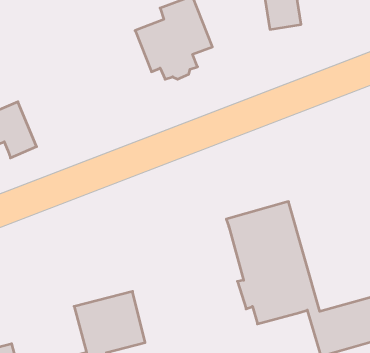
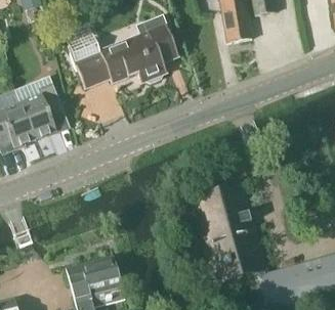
building: none -> [66,27,129,89]
building: none -> [19,83,67,138]

